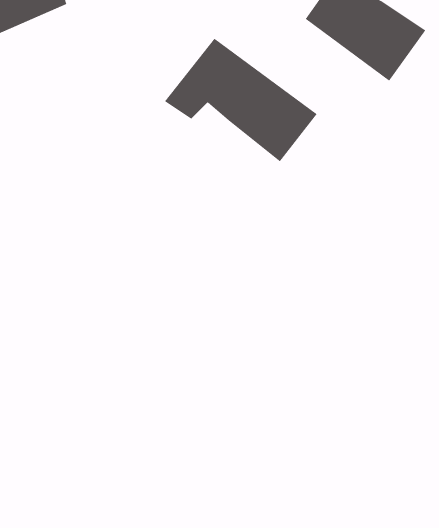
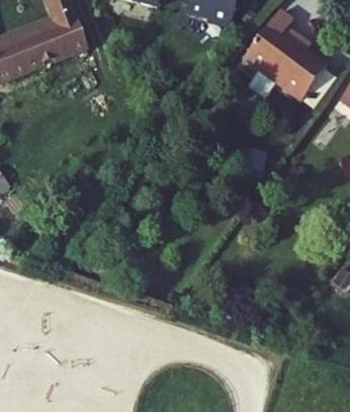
building: [164,38,317,162] -> none

